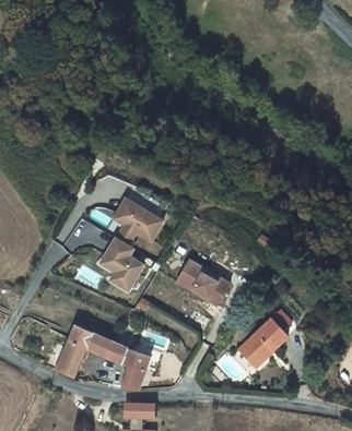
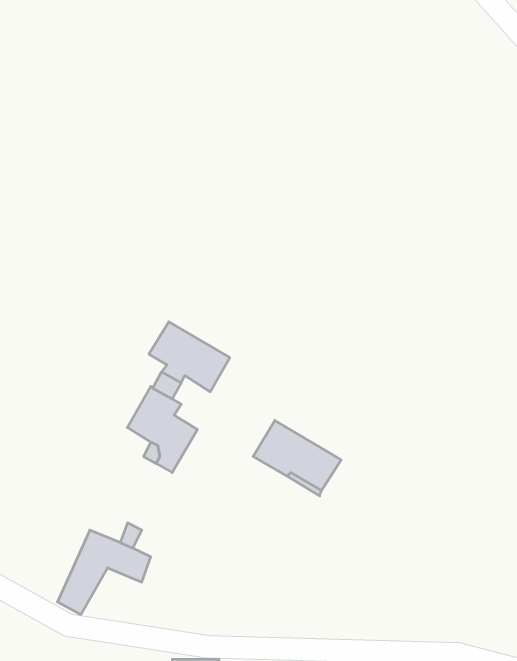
building: [237,319,288,360] -> none
building: [108,342,151,387] -> none

